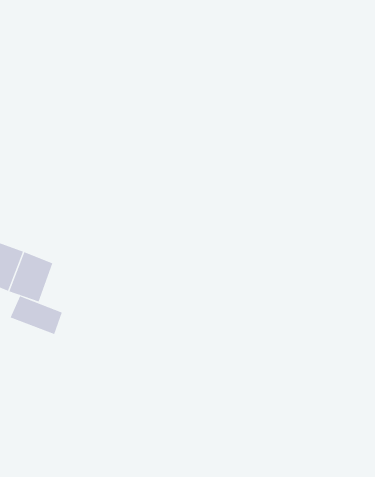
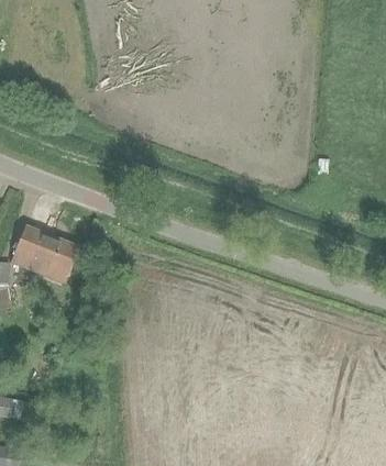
building: [10,295,63,335] -> none

